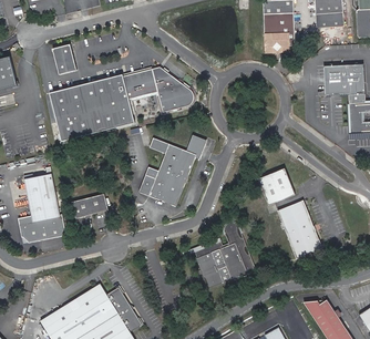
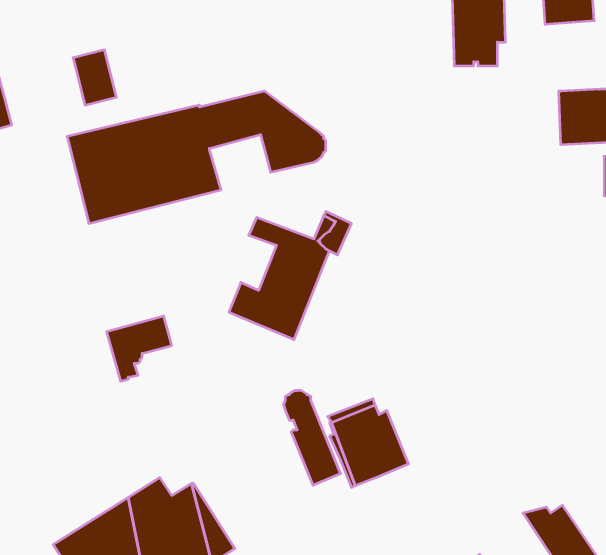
building: [257,168,295,205] -> none
building: [18,173,65,243] -> none
building: [277,201,321,259] -> none
building: [223,223,255,276] -> [283,391,341,485]

